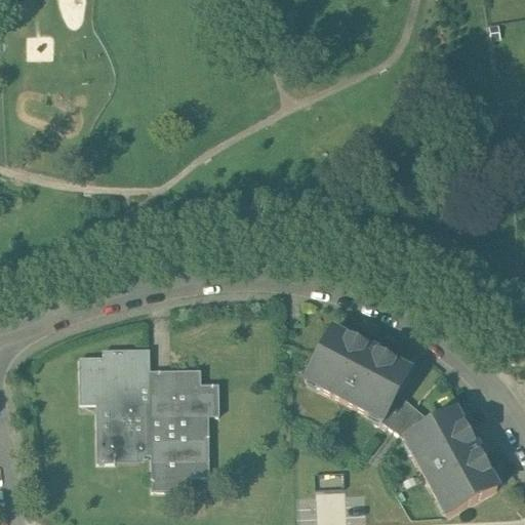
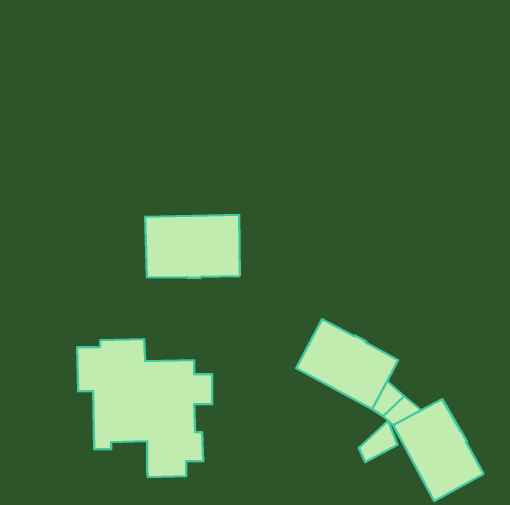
building: none -> [145,215,240,278]
building: none -> [359,421,397,462]

